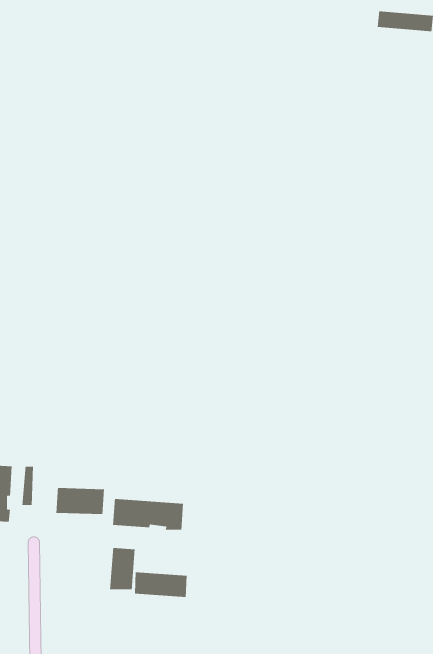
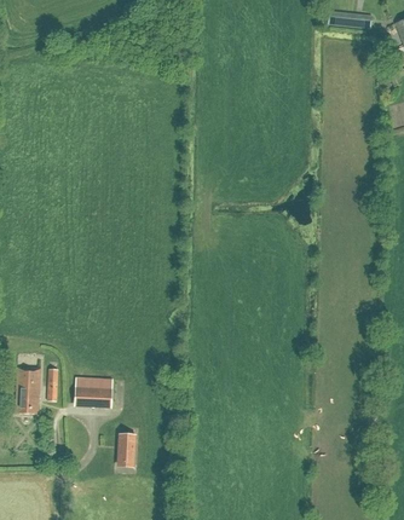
building: [112,498,184,530] -> none
building: [134,571,188,598] -> none

